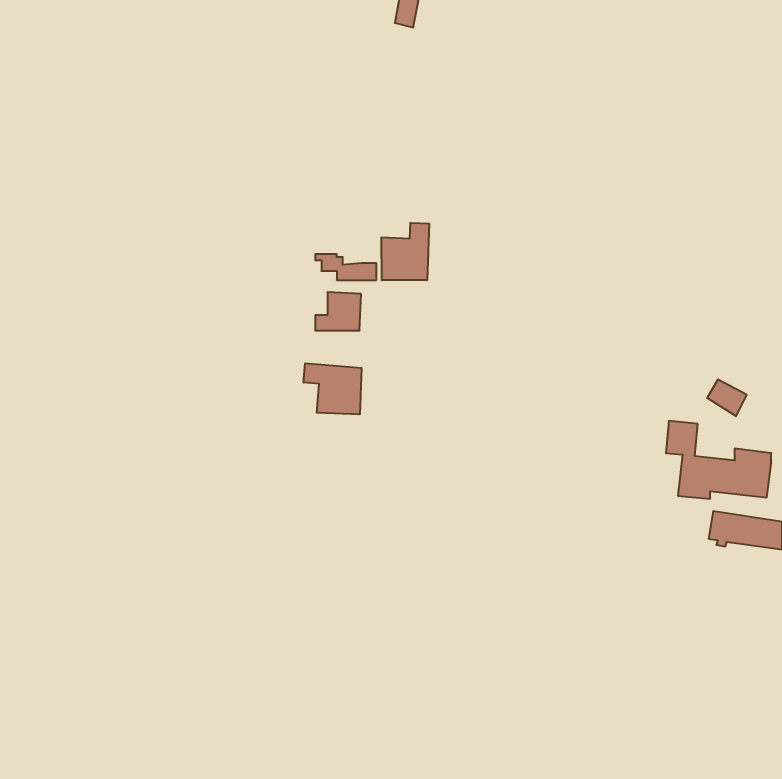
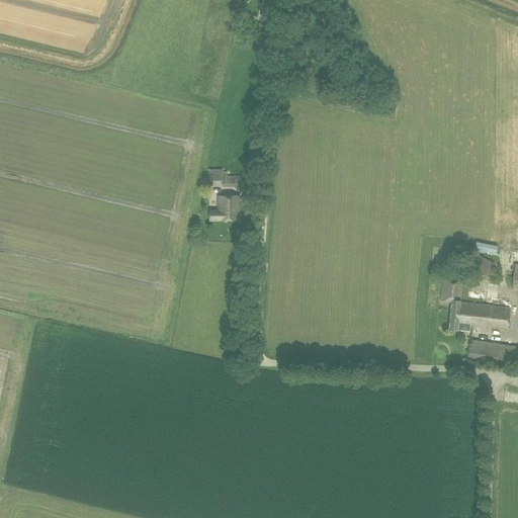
building: [382,223,429,280] -> none
building: [304,363,362,414] -> none

